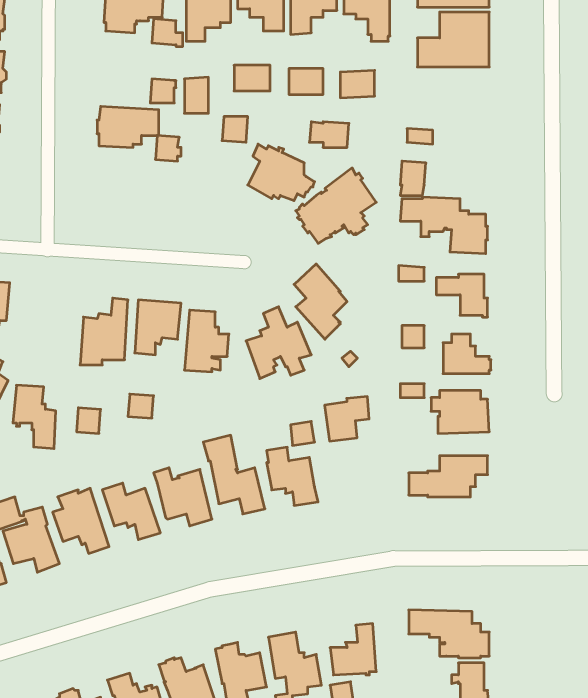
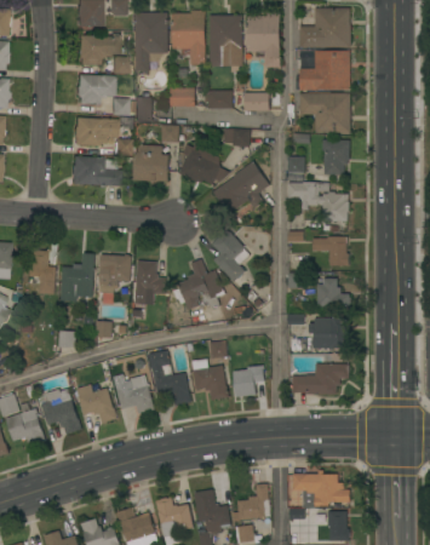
building: none -> [75,75,114,104]
building: none -> [299,93,350,133]
building: none -> [322,139,350,176]
building: none -> [133,144,168,182]
building: none -> [70,156,122,187]
building: [13,385,56,449] -> [25,249,56,294]
building: [325,397,369,441] -> [233,366,264,397]

